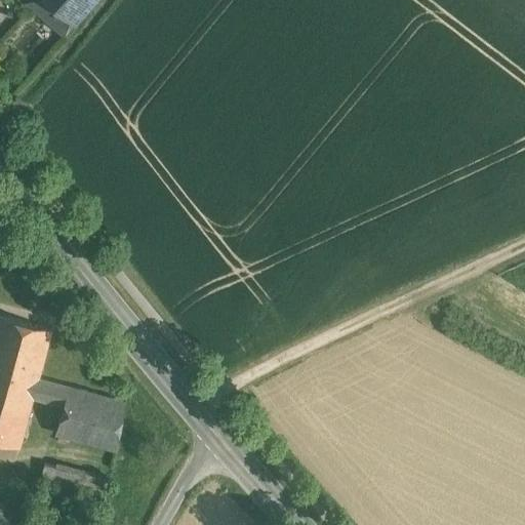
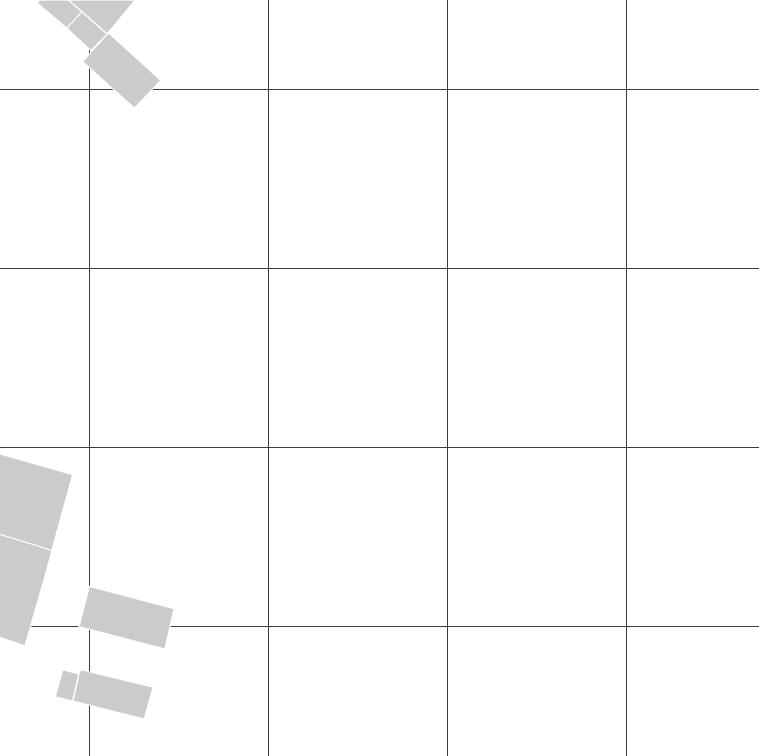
building: none -> [82,33,161,108]
building: [32,378,124,422] -> none

